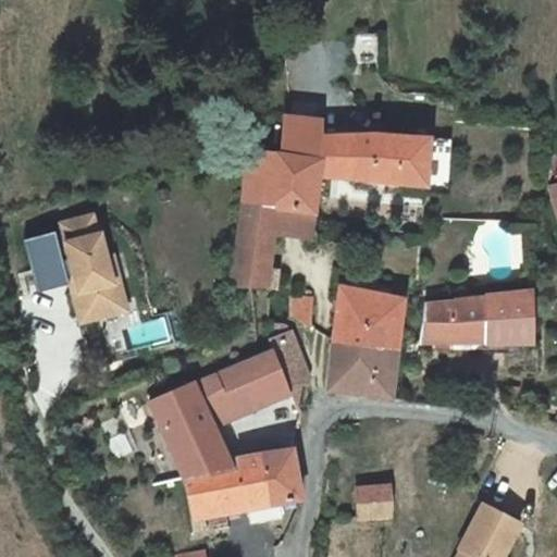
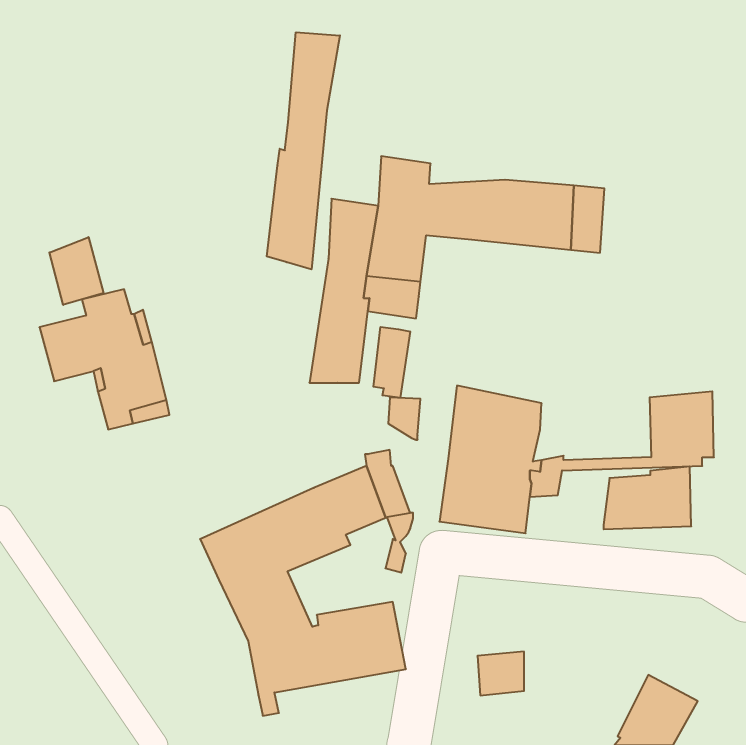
building: none -> [267,32,340,269]
building: none -> [49,237,104,305]
building: none -> [373,327,410,398]
building: [420,296,485,343] -> [604,466,691,529]

